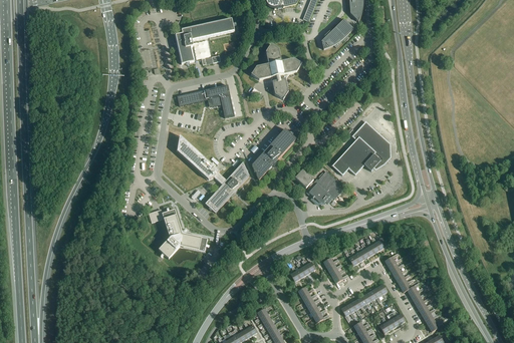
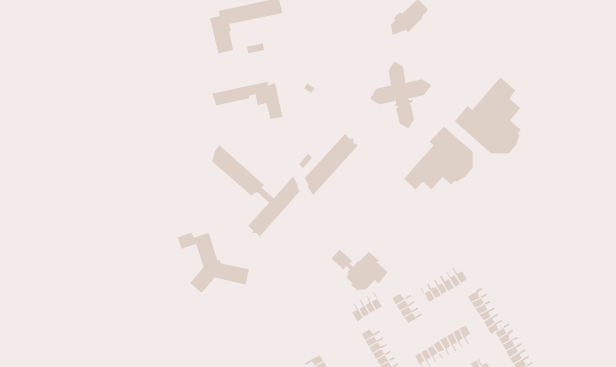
building: [251,42,302,98] -> [369,60,432,130]
building: none -> [454,77,521,154]
building: [295,168,342,203] -> [331,249,389,291]

